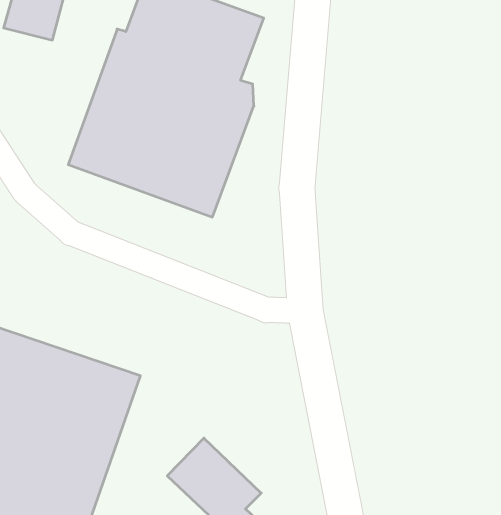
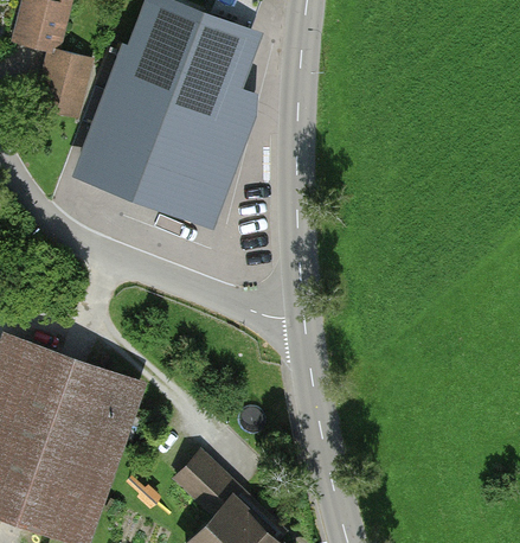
building: none -> [37,59,90,116]

